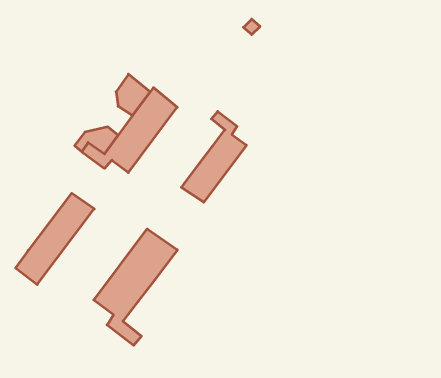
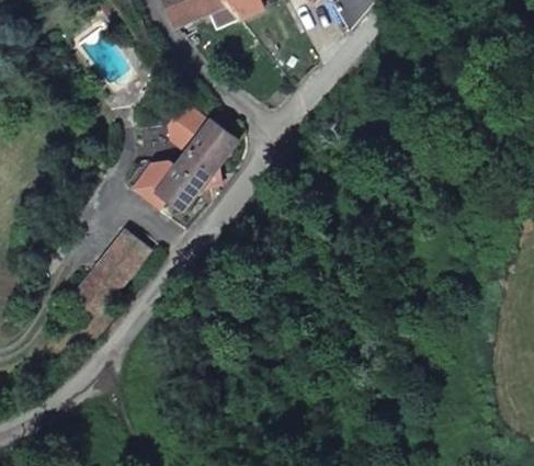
building: [181,111,246,202] -> none
building: [94,229,177,345] -> none

